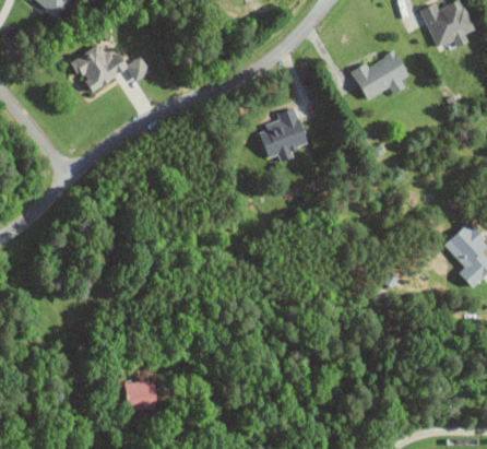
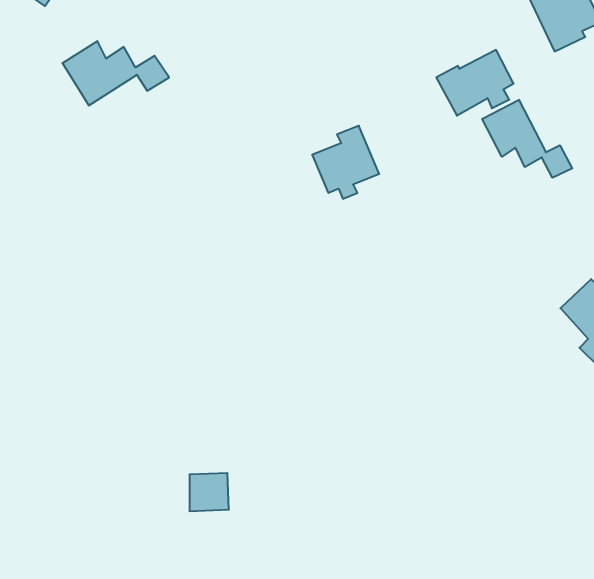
building: none -> [482,100,572,178]
building: [126,380,155,409] -> [189,473,229,511]

